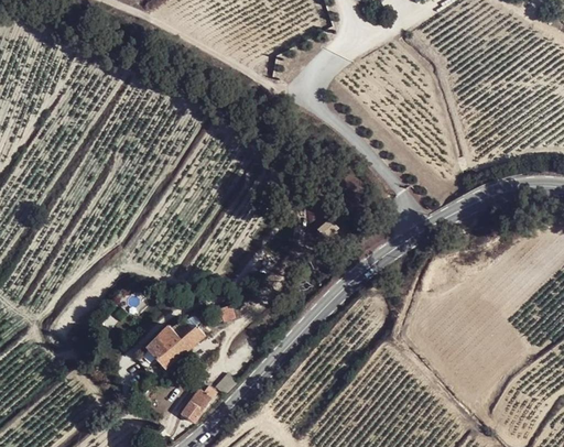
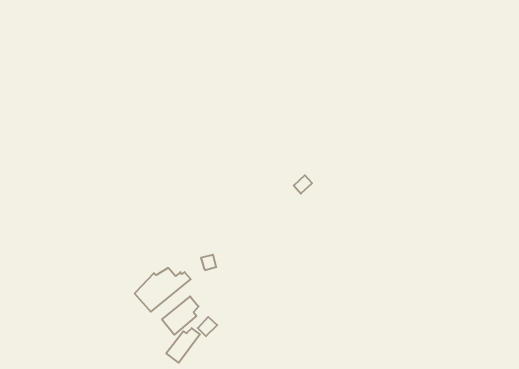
building: none -> [162,296,199,335]

